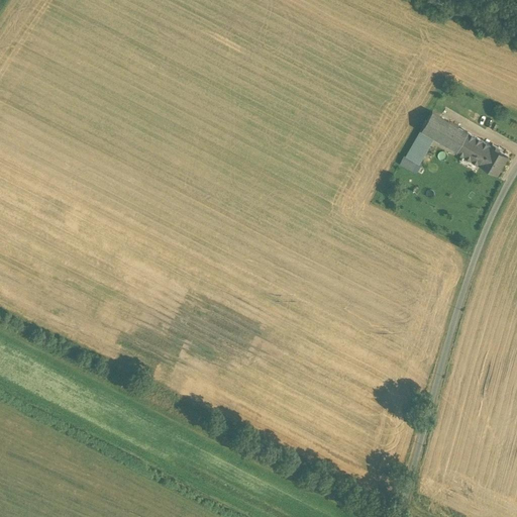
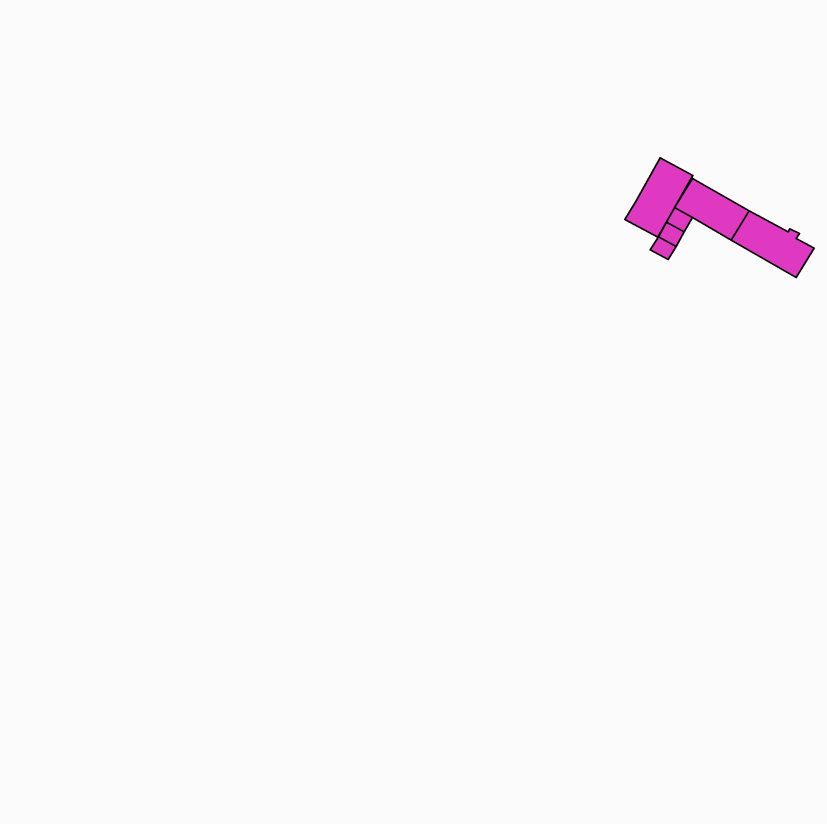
building: none -> [625,158,693,237]

